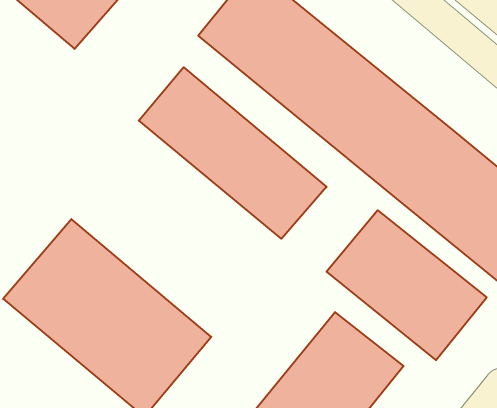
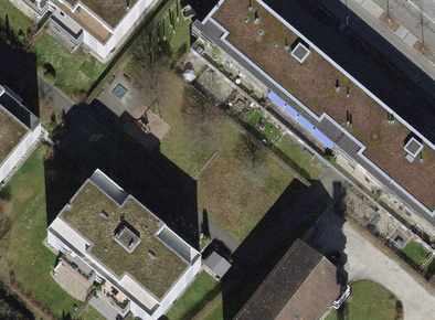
building: [139,67,327,239] -> none
building: [327,210,487,360] -> none

